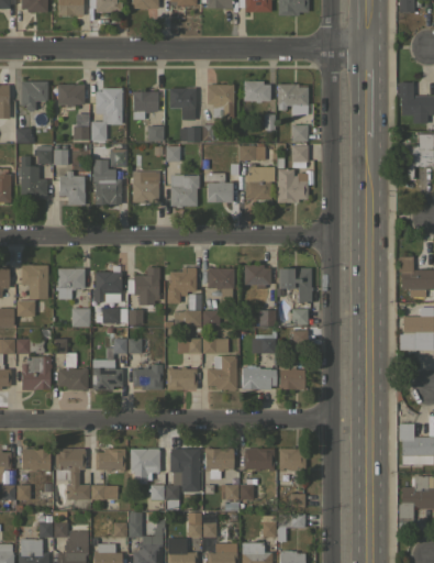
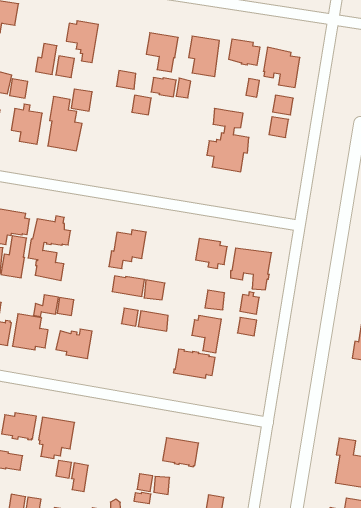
building: [58,85,84,108] -> none
building: [132,91,158,119] -> none
building: [277,169,313,202] -> none
building: [132,170,159,202] -> none
building: [203,173,233,202] -> none
building: [170,175,199,208] -> none
building: [127,267,159,324] -> none
building: [208,268,234,300] -> none
building: [207,355,236,389] -> none
building: [166,367,197,389] -> none
building: [278,367,304,389] -> none
building: [170,449,199,492] -> none
building: [204,449,233,478] -> none
building: [278,449,305,471] -> none

